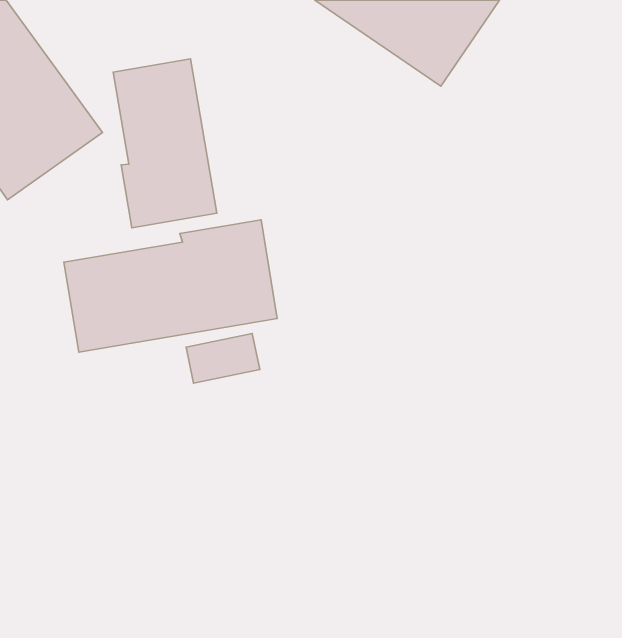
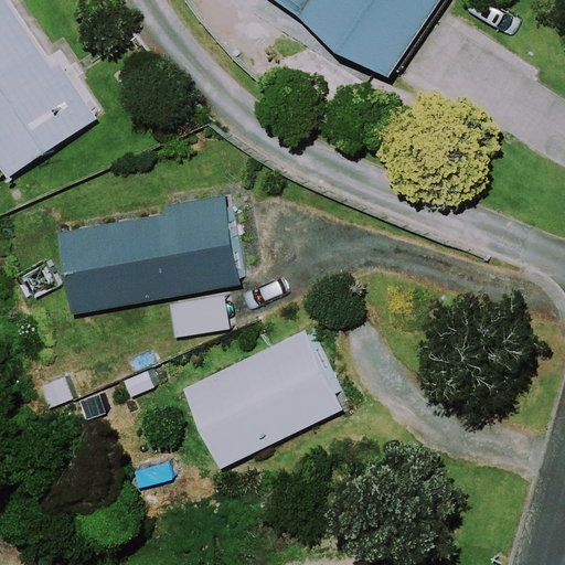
building: [113,59,217,228] -> none
building: none -> [181,329,344,467]

